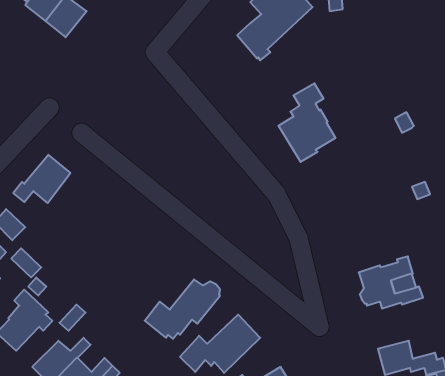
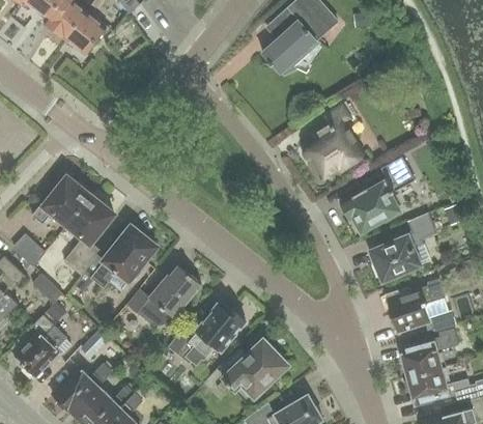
building: none -> [341,157,415,231]
building: none -> [63,194,114,275]
building: none -> [370,213,436,280]
building: none -> [91,225,157,289]
building: none -> [127,265,200,326]
building: none -> [400,329,457,375]

